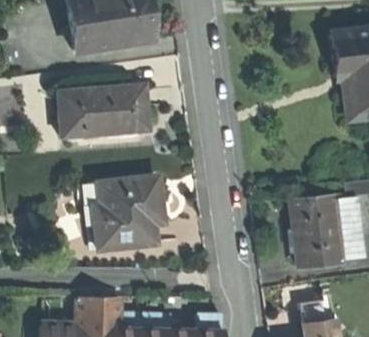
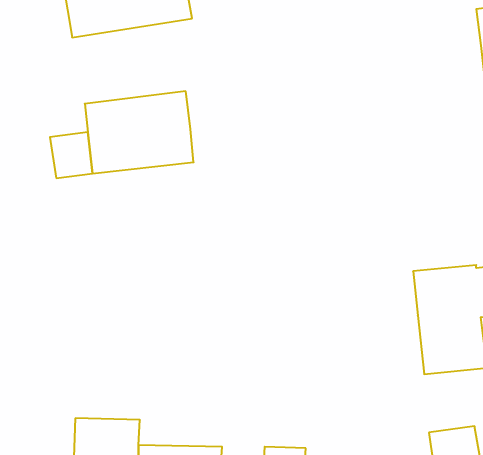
building: [91,177,161,251] -> none

